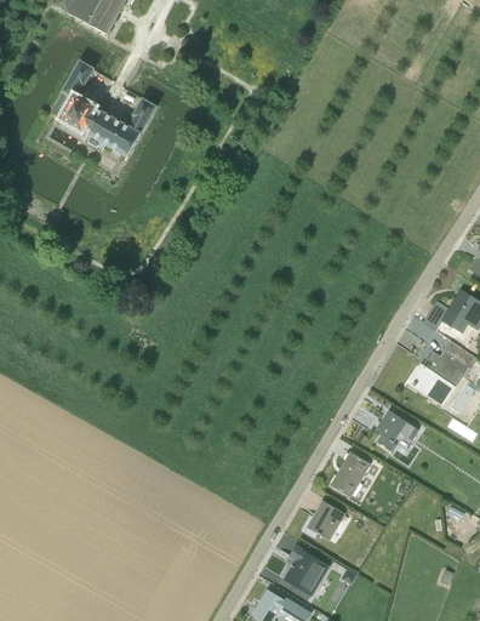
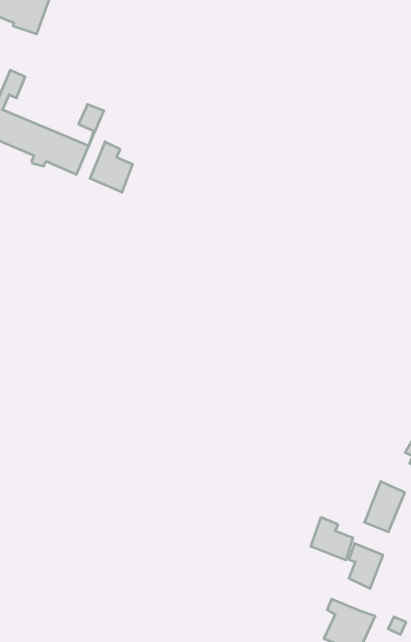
building: none -> [90,142,132,192]
building: none -> [311,517,353,560]

